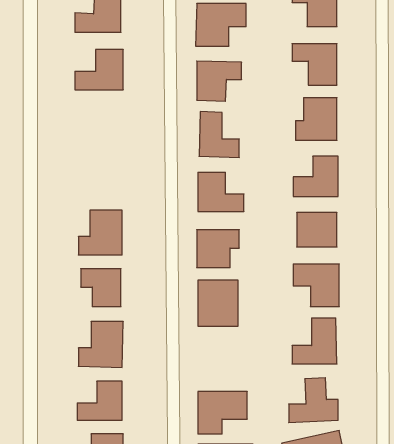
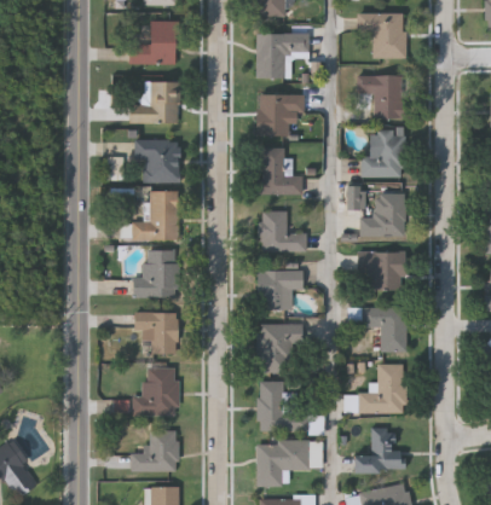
building: none -> [134,139,179,181]
building: none -> [131,191,178,240]
building: none -> [258,382,308,431]

